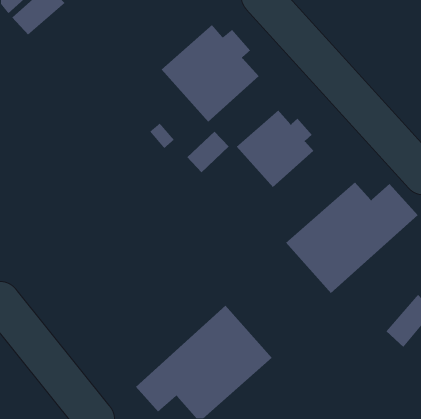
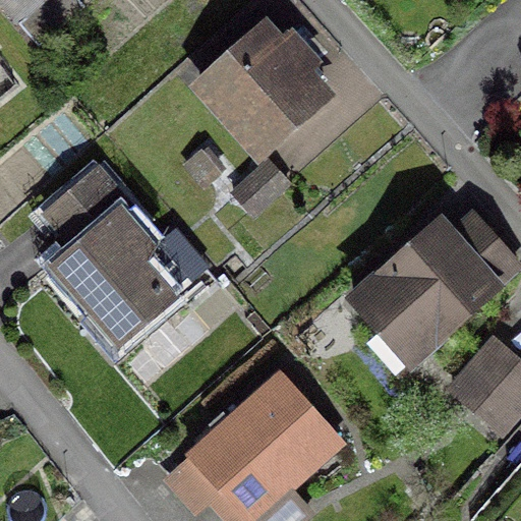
building: [236,110,314,188] -> none
building: none -> [49,167,199,342]

